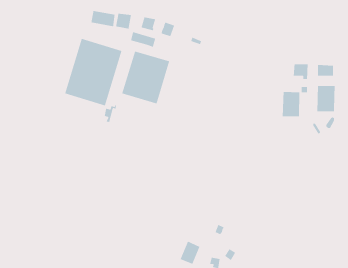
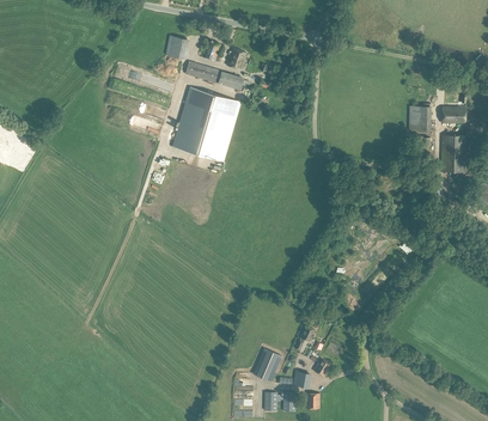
building: [90,10,115,27] -> none
building: [64,38,122,106] -> none
building: [282,91,300,117] -> none

